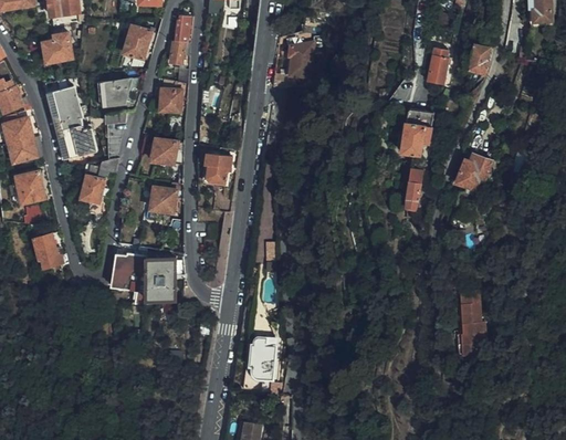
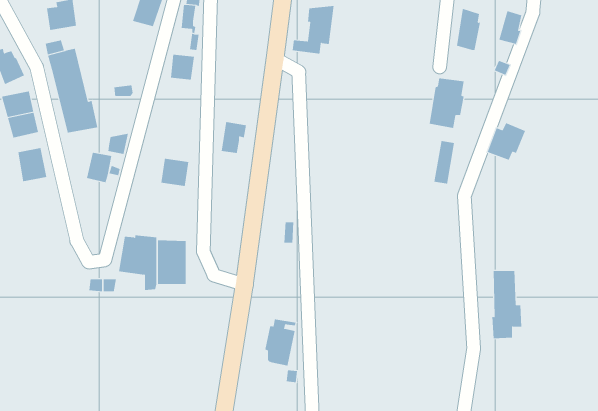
building: [99,81,134,107] -> none
building: [150,133,177,160] -> none
building: [34,235,62,270] -> none

